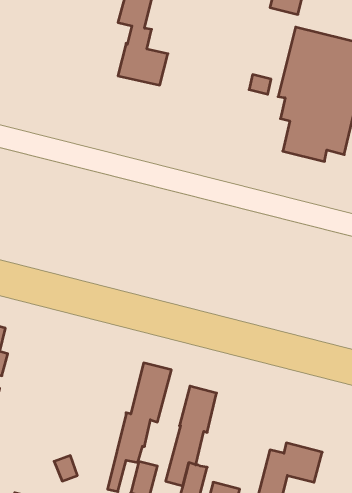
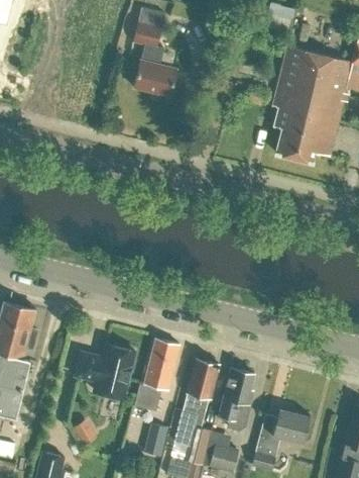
building: none -> [75,345,135,399]
building: none -> [219,369,254,432]

